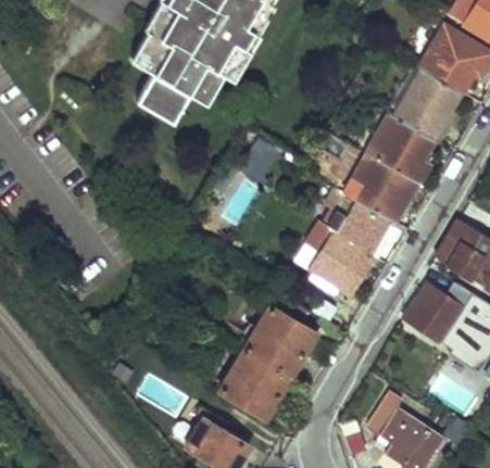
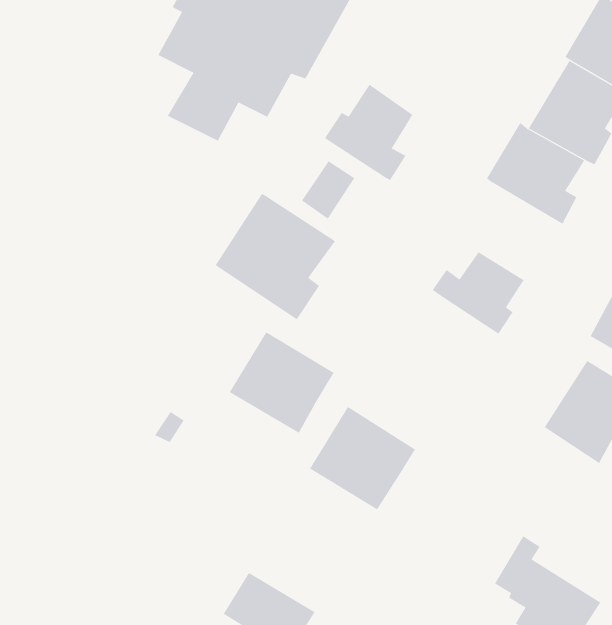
building: none -> [324,84,413,181]
building: [353,151,416,220] -> none
building: none -> [215,193,336,320]
building: [306,228,373,295] -> none
building: [218,346,290,416] -> [229,331,334,434]

